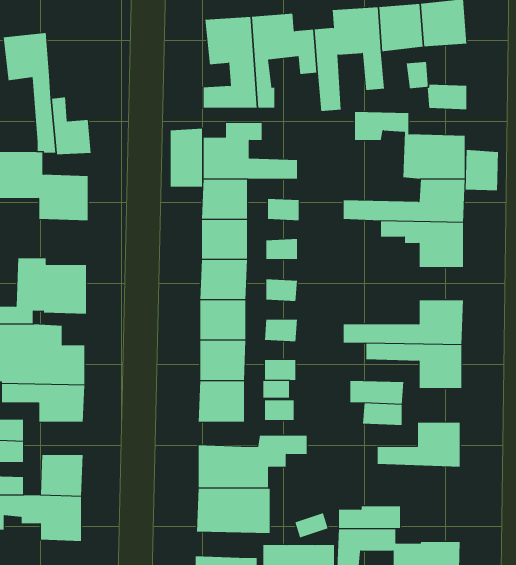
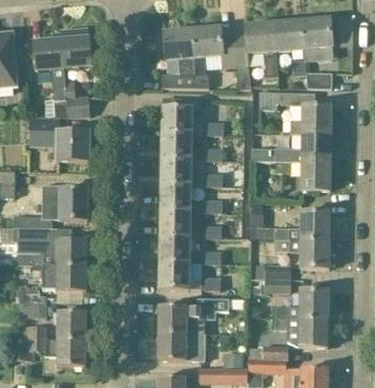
building: none -> [60,29,95,66]
building: [170,128,202,187] -> none
building: [465,149,499,191] -> none
building: none -> [273,316,327,347]

